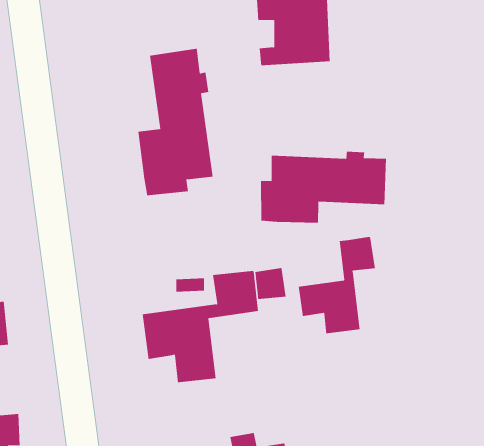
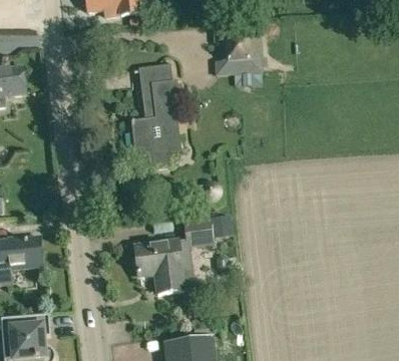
building: [261,151,387,224] -> none
building: [298,236,375,334] -> none

